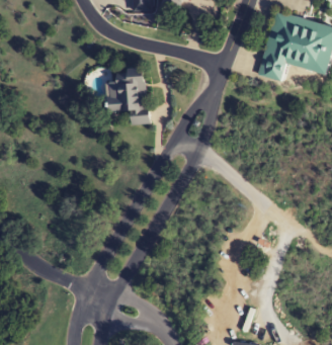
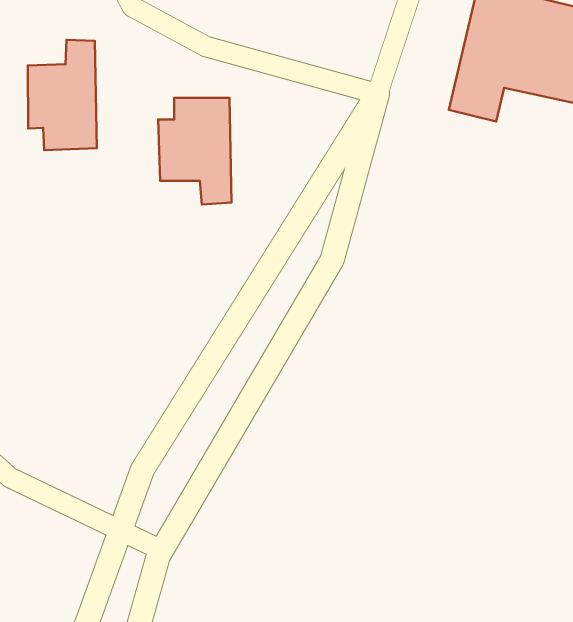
building: none -> [28,40,97,150]

